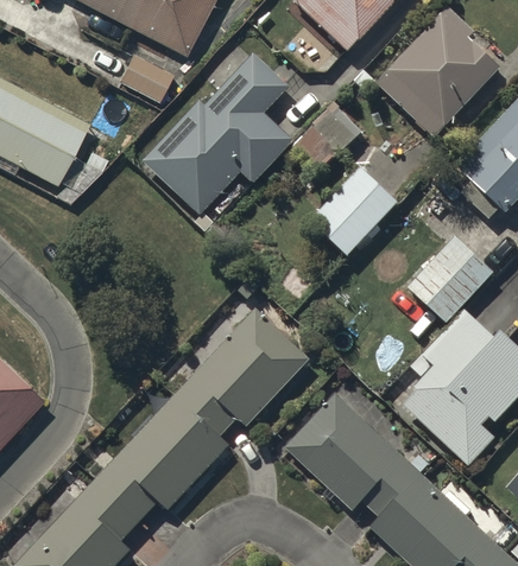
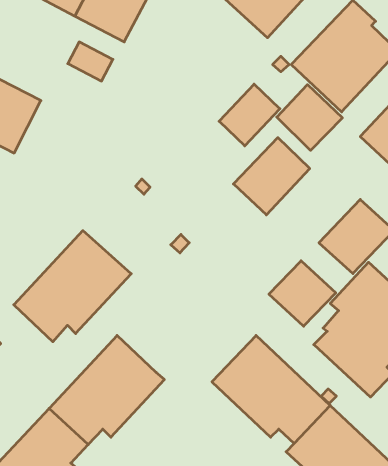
building: [144,53,295,214] -> none
building: none -> [277,85,342,150]
building: none -> [269,261,336,326]
building: [176,309,311,437] -> [14,231,131,342]

